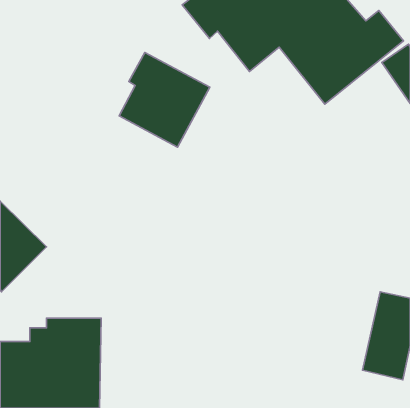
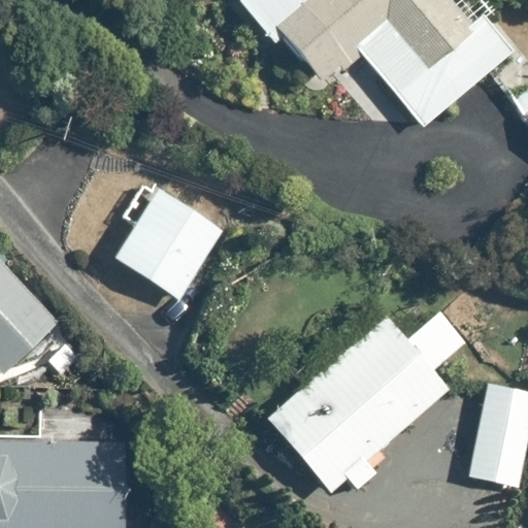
building: [119,53,210,147] -> [108,178,225,300]
building: none -> [258,308,469,498]

